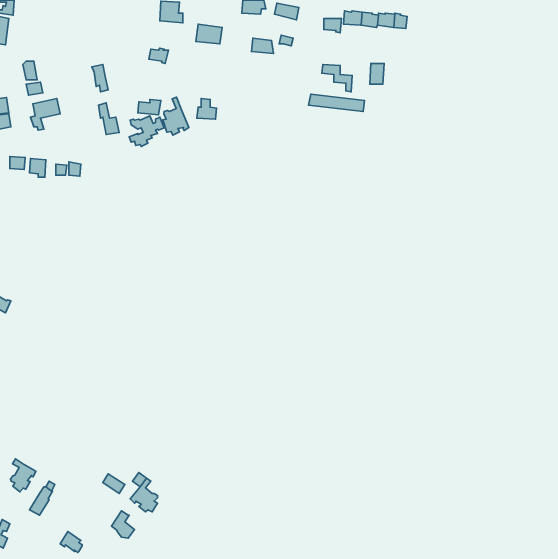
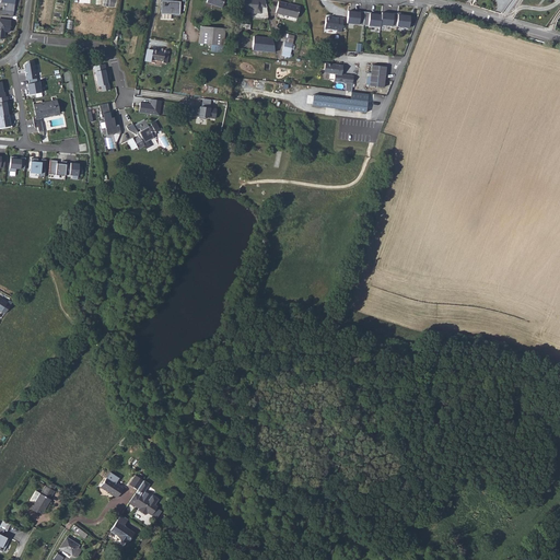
building: [163,97,189,135] -> none
building: [11,459,36,492] -> none

